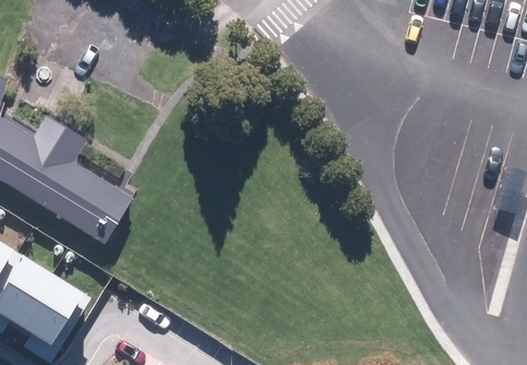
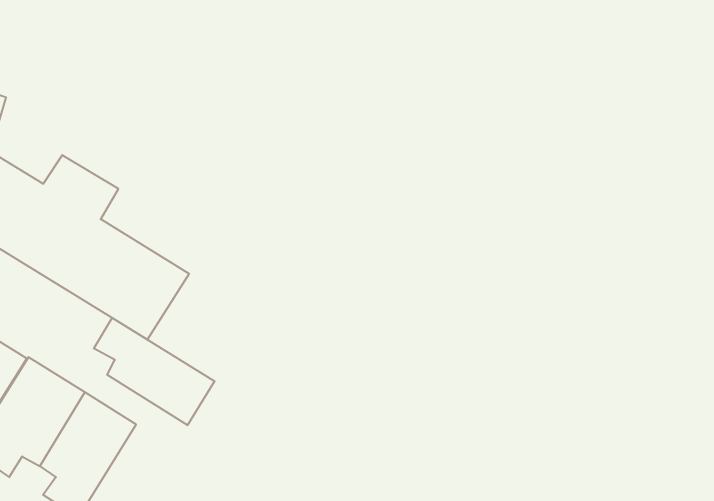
building: none -> [94,318,215,425]

